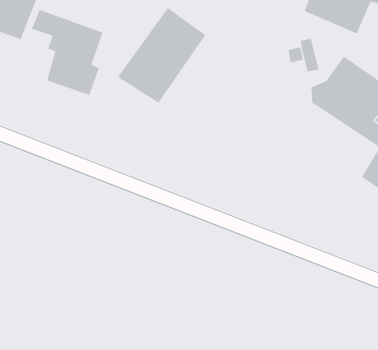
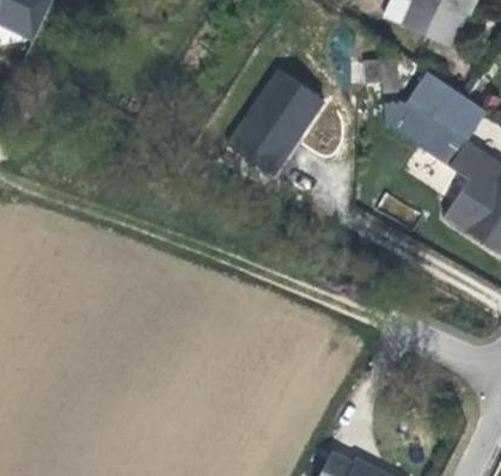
building: [117,7,206,104] -> [224,63,331,179]
building: [31,9,103,96] -> none

